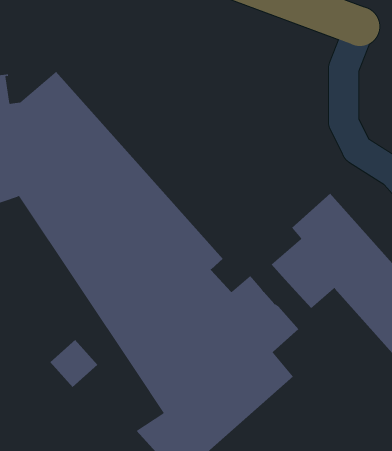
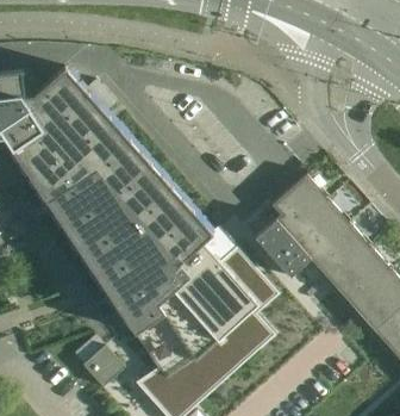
building: [49,339,98,388] -> [82,344,125,387]

